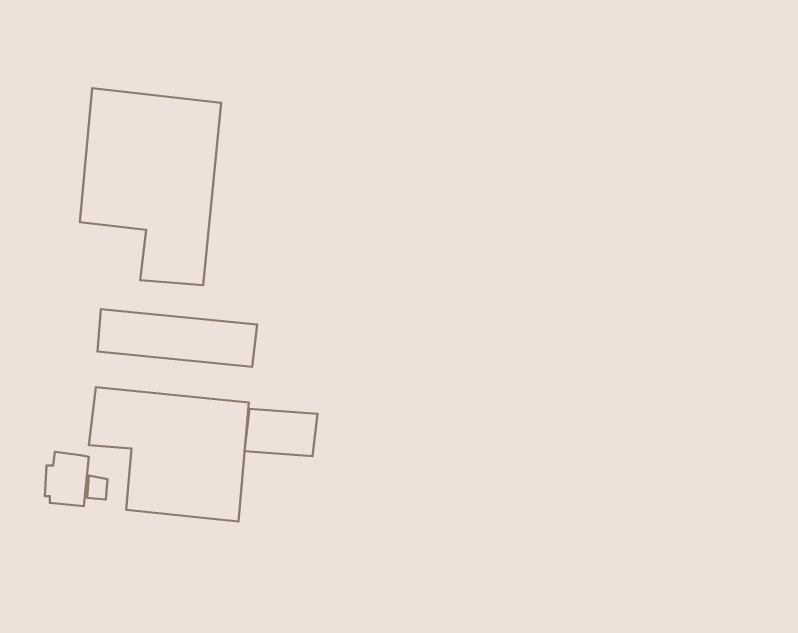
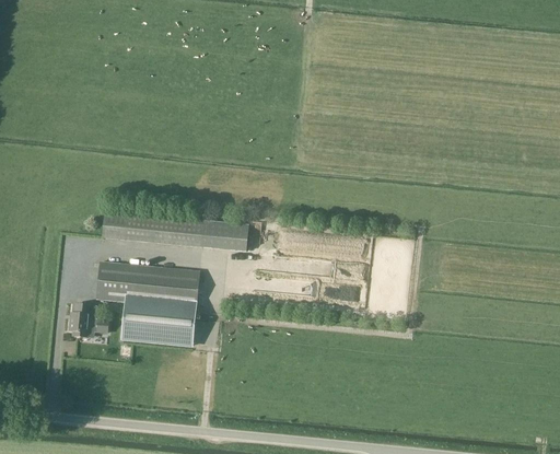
building: [80,88,221,285] -> none
building: [245,409,318,456] -> [202,220,249,251]

